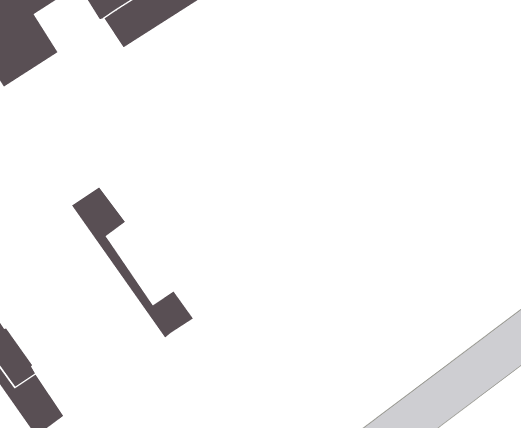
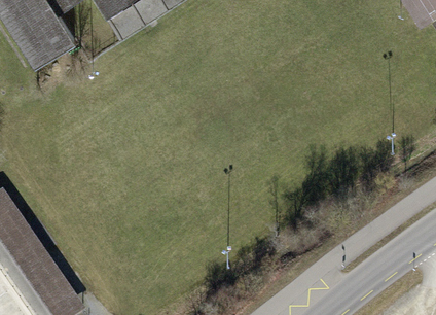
building: [71,186,194,339] -> none

